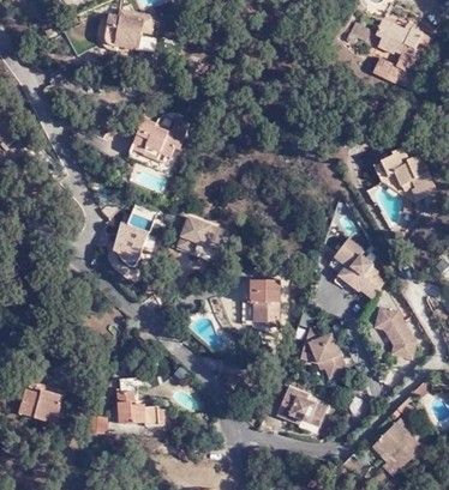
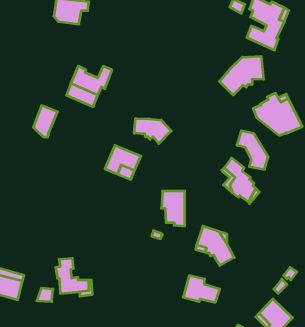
building: none -> [219,56,264,95]
building: none -> [134,118,171,144]
building: [114,224,146,266] -> [33,106,58,137]
building: [369,306,411,357] -> [237,131,268,169]

